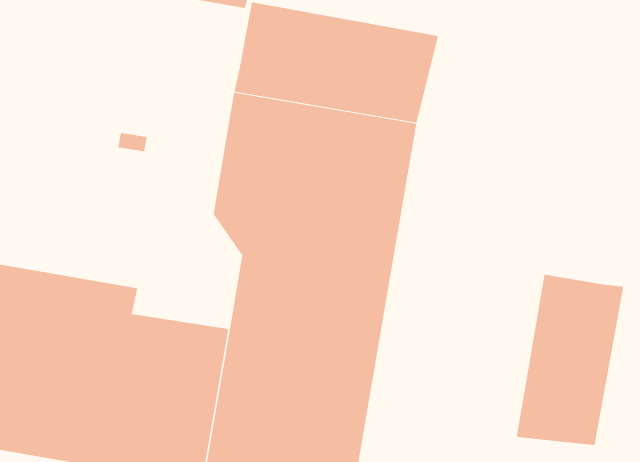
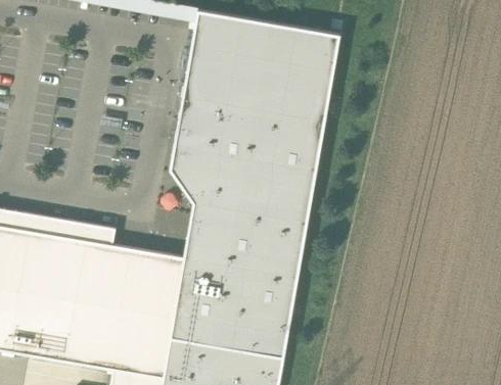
building: [516,274,624,446] -> none

